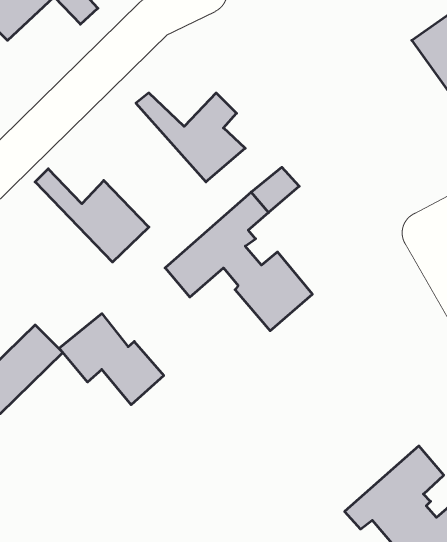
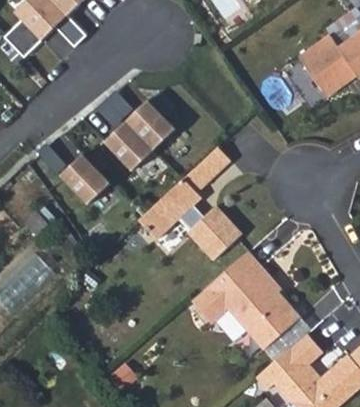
building: none -> [101,97,159,170]
building: [59,314,164,405] -> none
building: none -> [203,250,300,350]

